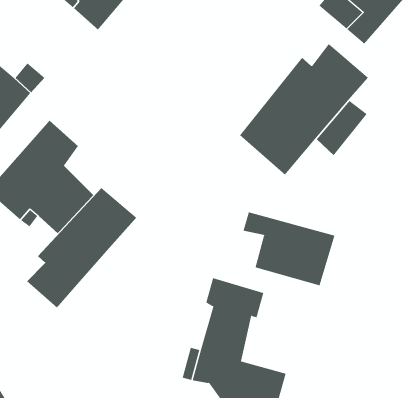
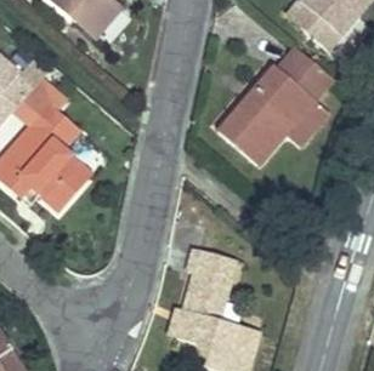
building: [26,187,137,308] -> none
building: [243,212,335,286] -> none

